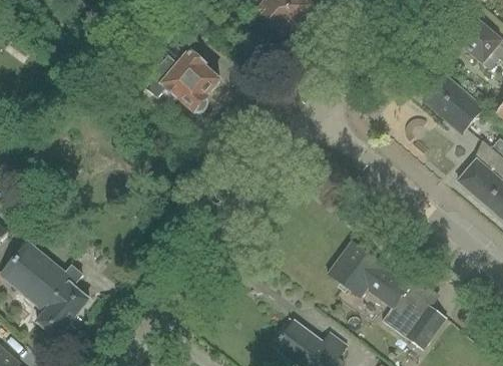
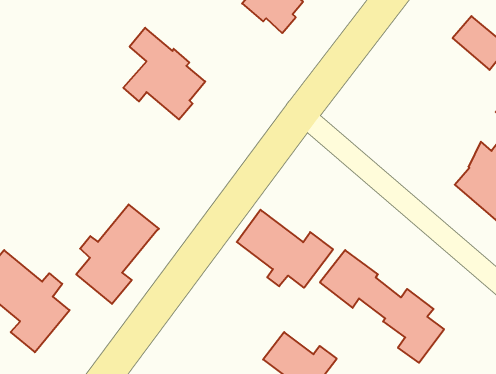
building: [422,75,486,136] -> none
building: none -> [76,204,159,304]
building: none -> [237,210,333,288]

